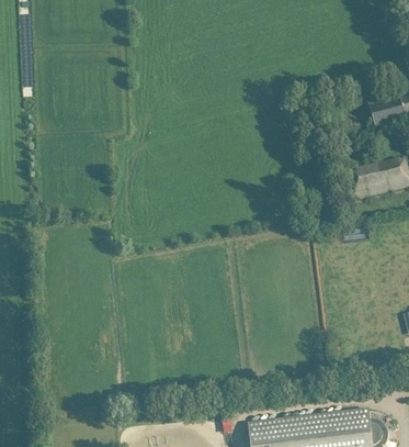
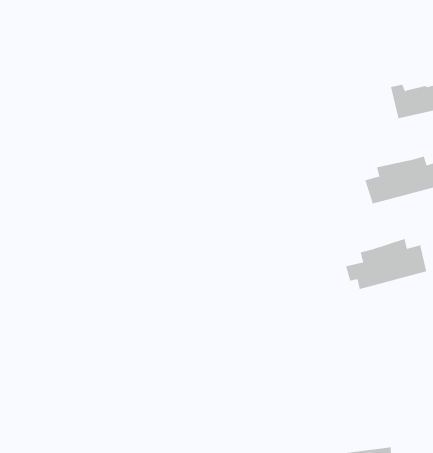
building: none -> [346,238,427,290]

